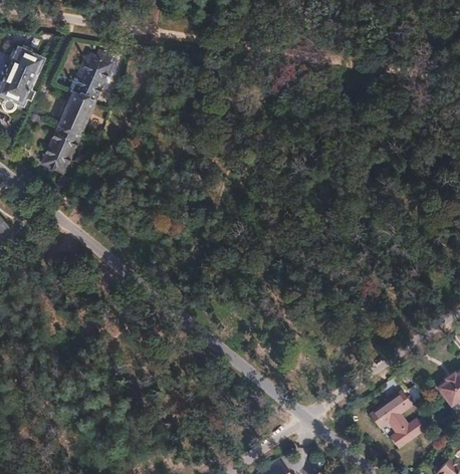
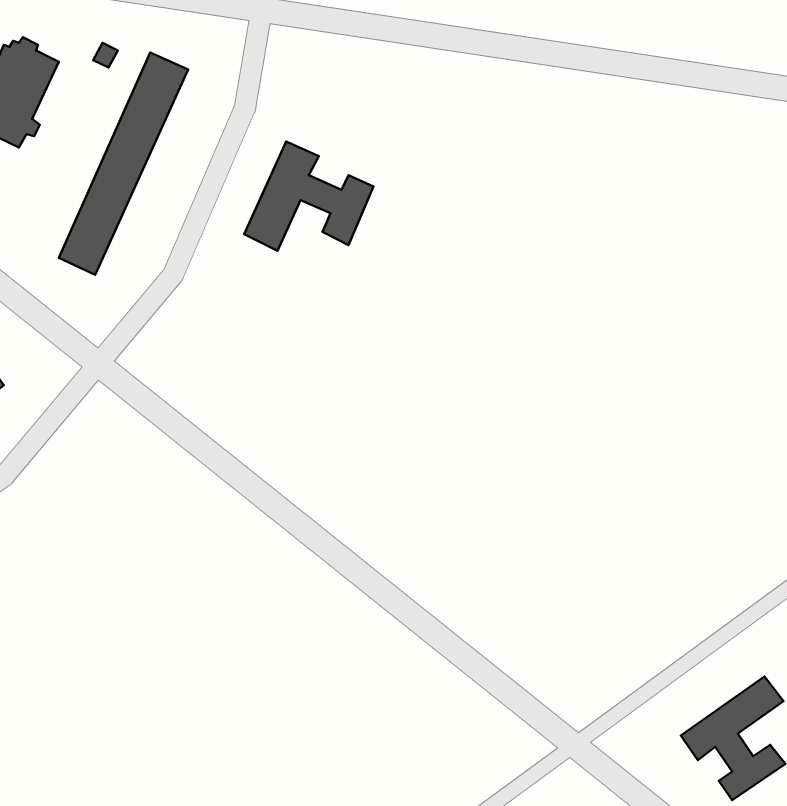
building: none -> [244,142,374,251]

